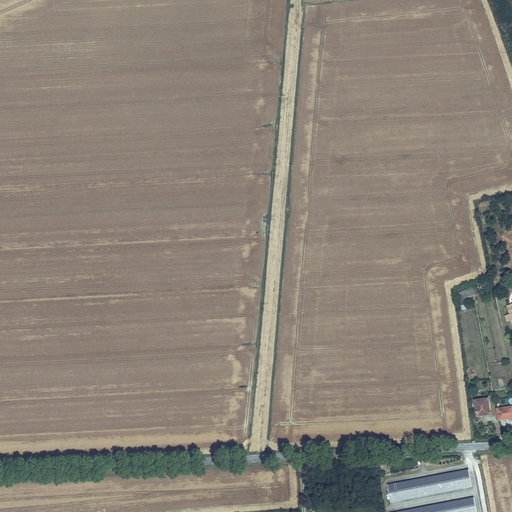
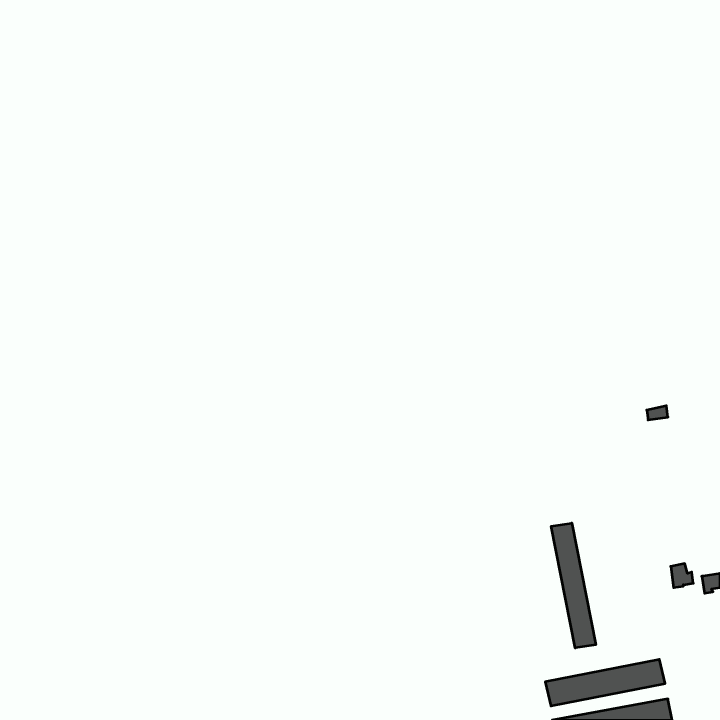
building: none -> [551,523,596,648]

